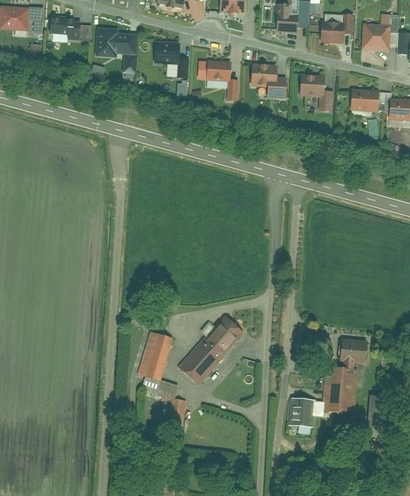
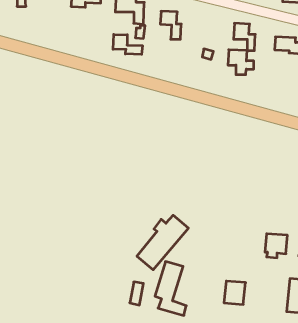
building: [251,65,283,96] -> [228,50,254,75]
building: none -> [113,34,142,54]
building: [138,331,177,398] -> [155,262,186,315]
building: [322,365,357,413] -> none

